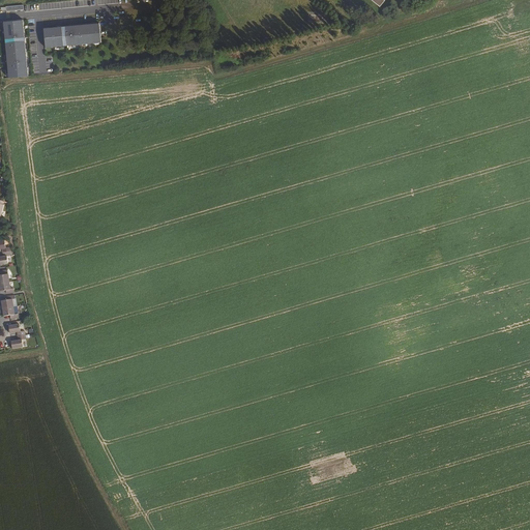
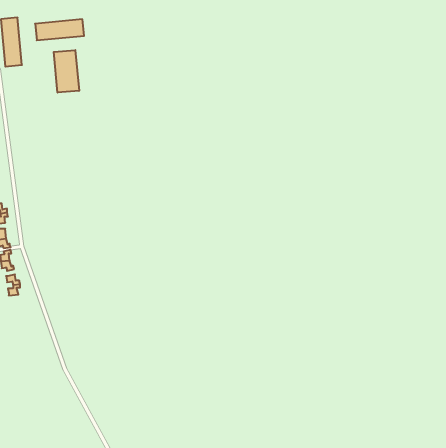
building: none -> [54,50,79,93]

